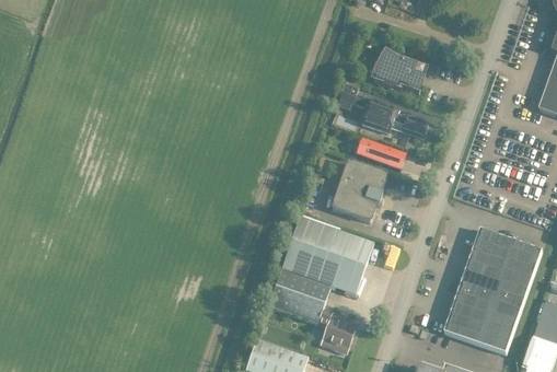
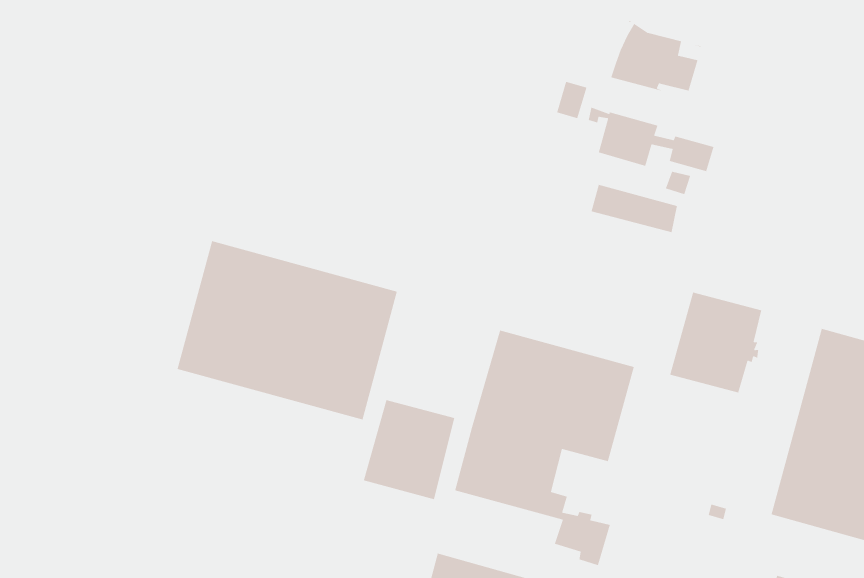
building: none -> [177,240,398,420]
building: [330,161,385,220] -> [669,291,762,393]
building: none -> [363,399,455,500]

